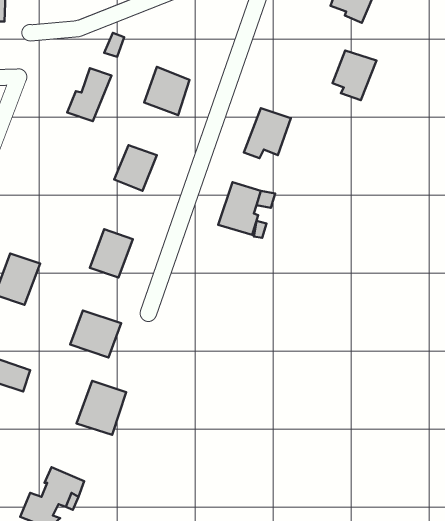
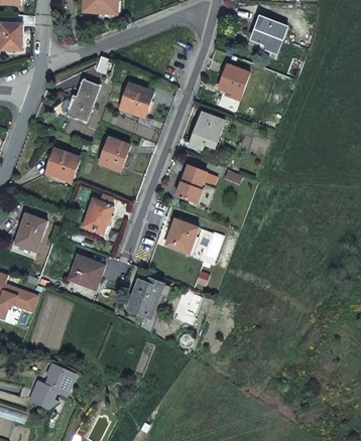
building: [332,50,376,100] -> [217,62,248,98]
building: none -> [44,149,78,182]
building: none -> [169,218,203,253]
building: [76,381,126,435] -> [126,278,161,316]

